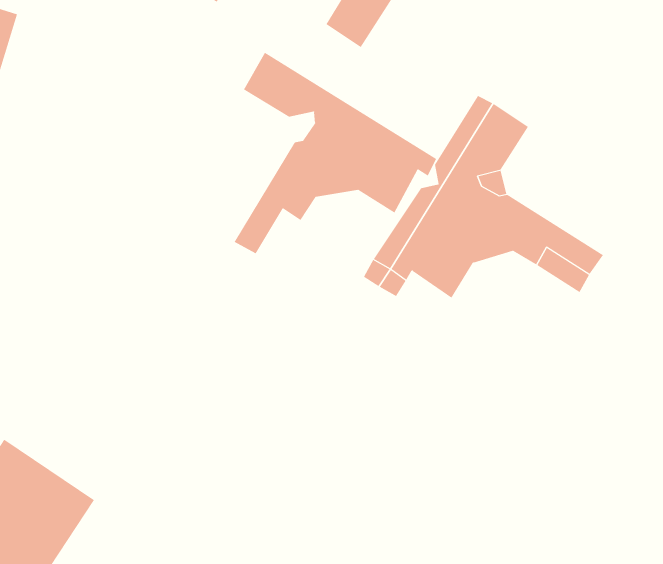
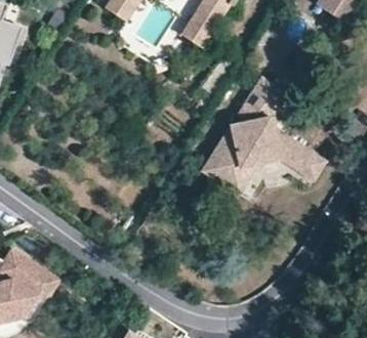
building: [234,52,437,254] -> none

